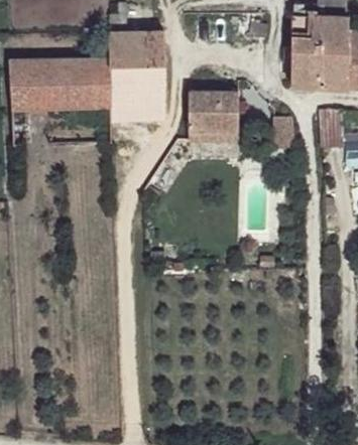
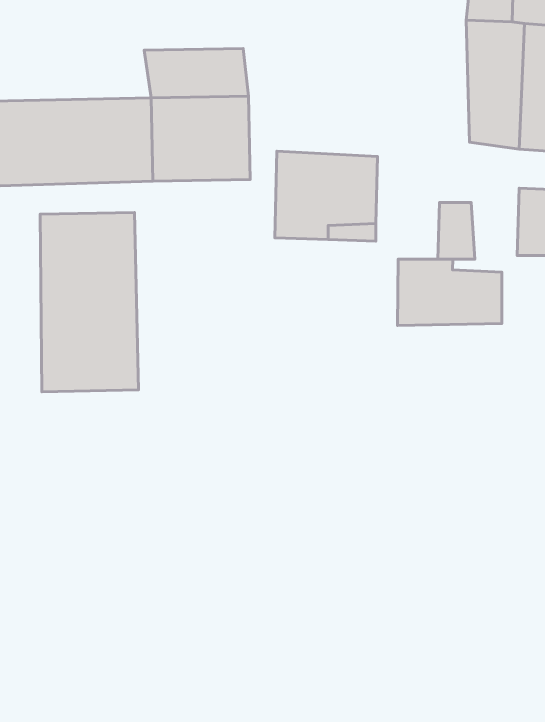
building: none -> [40,212,138,392]
building: none -> [398,259,502,326]

